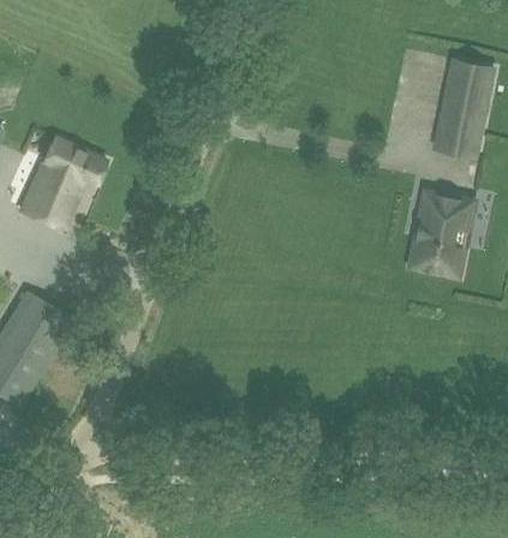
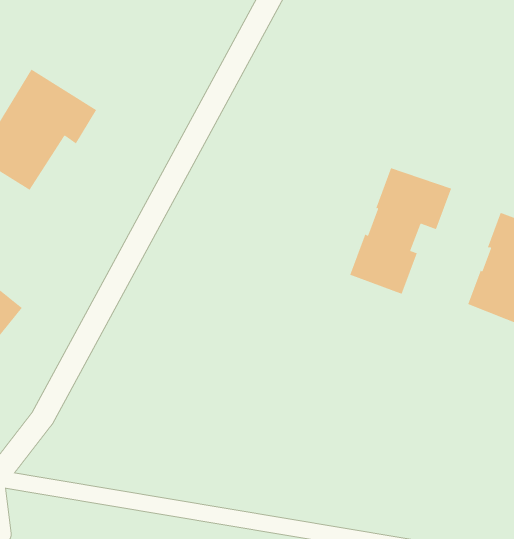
building: none -> [349,167,452,295]

